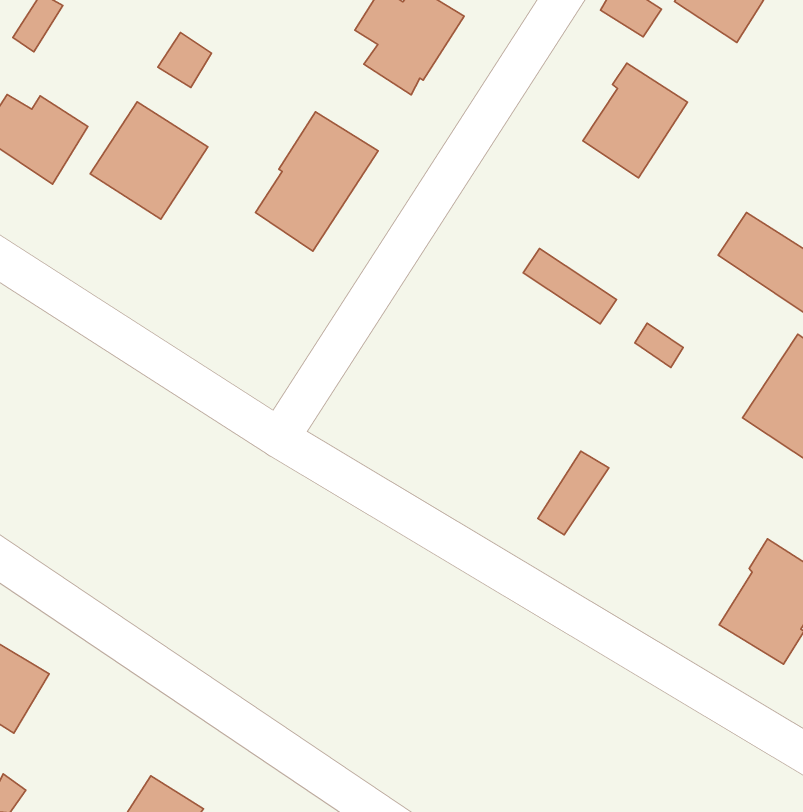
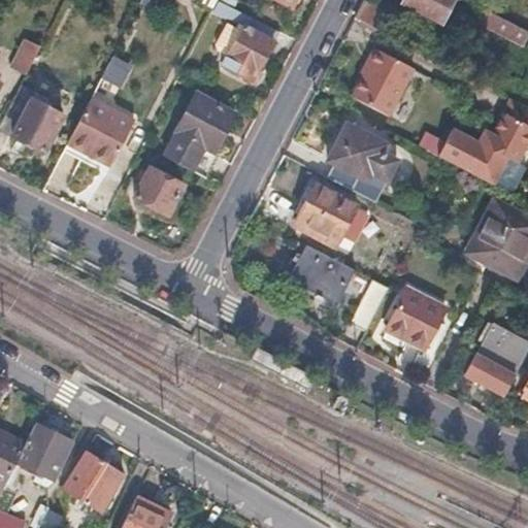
building: none -> [333,124,401,189]
building: none -> [135,167,185,213]
building: none -> [297,182,356,244]
building: none -> [289,241,355,301]
building: none -> [385,288,450,355]
building: none -> [62,453,122,512]

